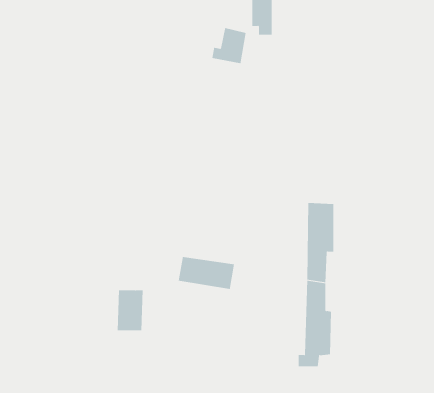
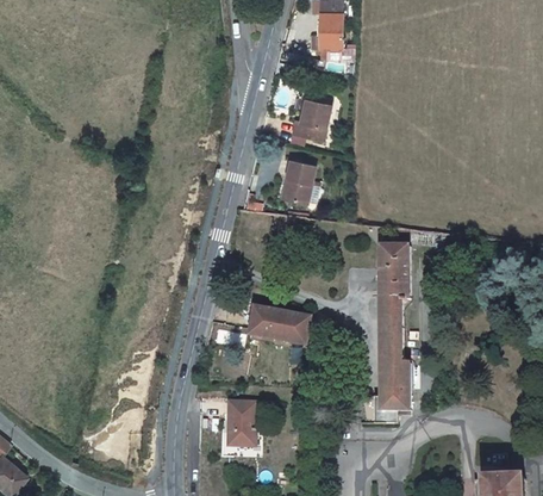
building: [211,27,247,64] -> [289,100,327,140]
building: none -> [285,160,316,204]
building: [117,290,143,331] -> [232,399,261,444]

